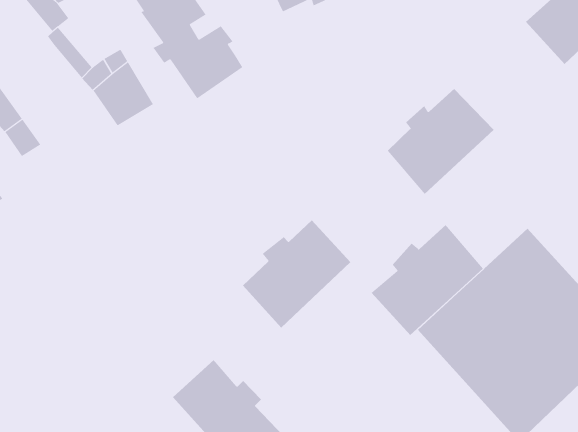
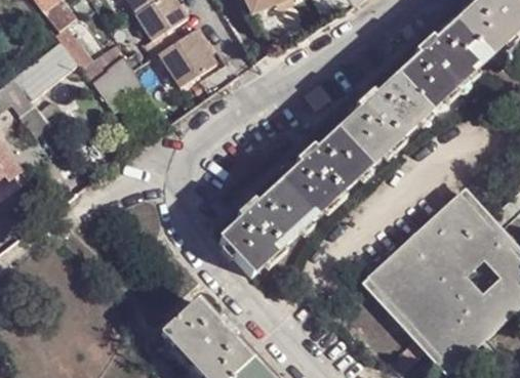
building: none -> [396,20,488,111]
building: none -> [26,45,76,89]
building: [371,224,484,336] -> [277,128,371,221]

